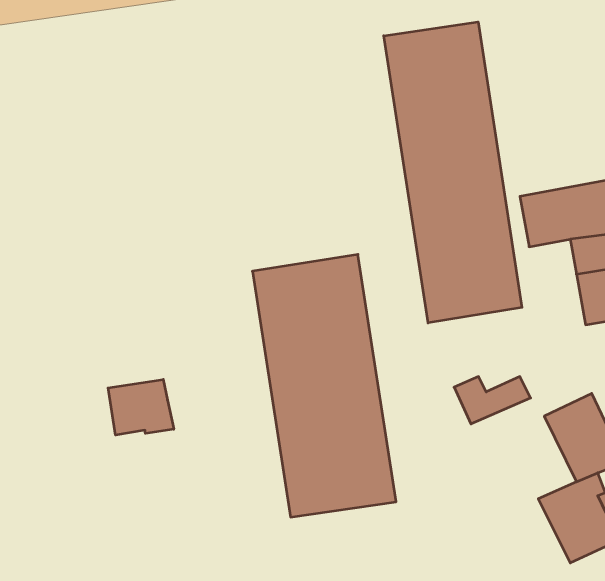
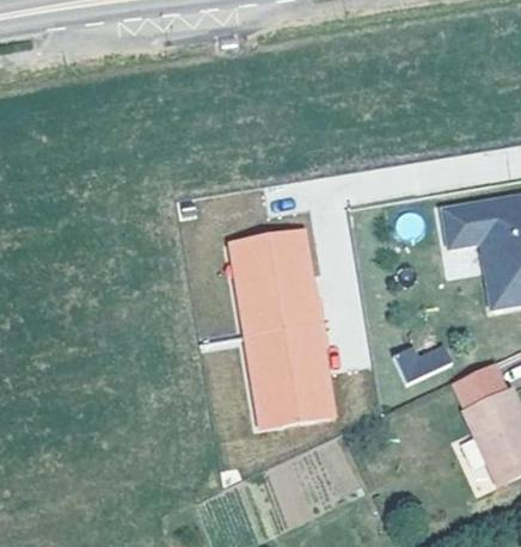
building: [384,22,522,323] -> none
building: [108,379,174,435] -> none

